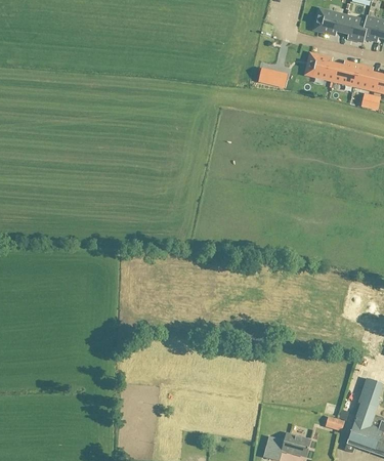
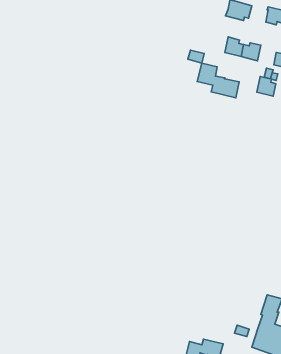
building: [343,16,368,41] -> none
building: [354,66,378,90] -> [257,77,276,96]
building: none -> [197,63,239,98]

